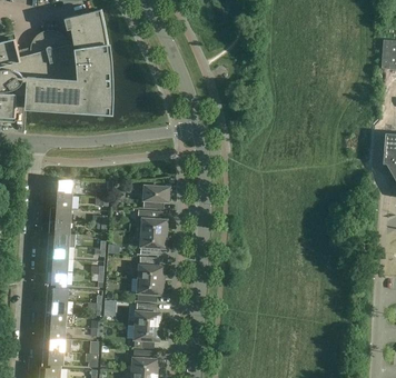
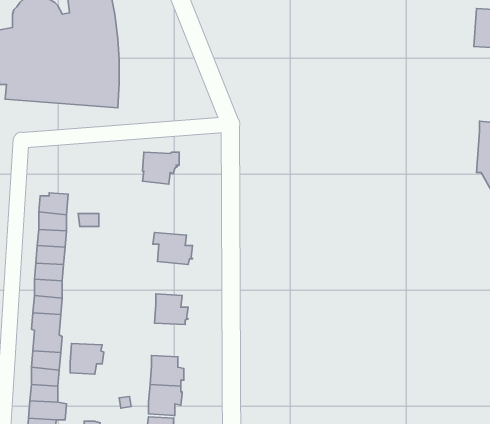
building: [142,186,170,210] -> [142,152,179,184]
building: [139,232,166,256] -> none
building: [137,279,162,302] -> [70,343,104,374]

